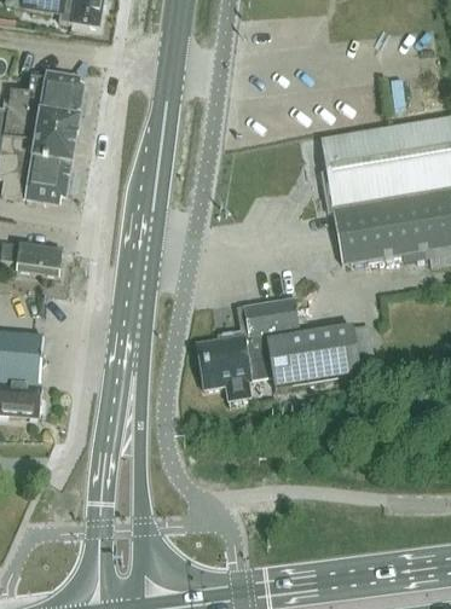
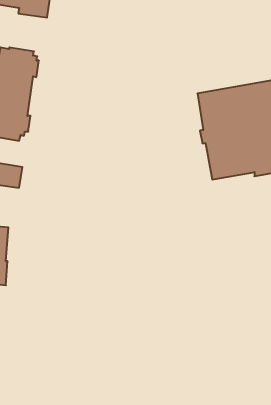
building: [197,297,376,405] -> none

